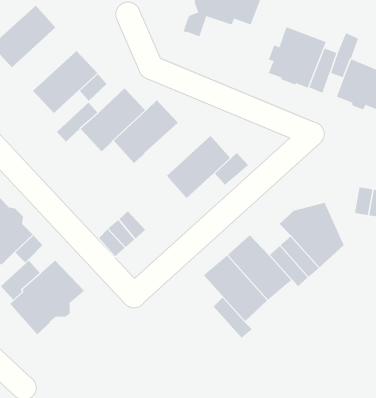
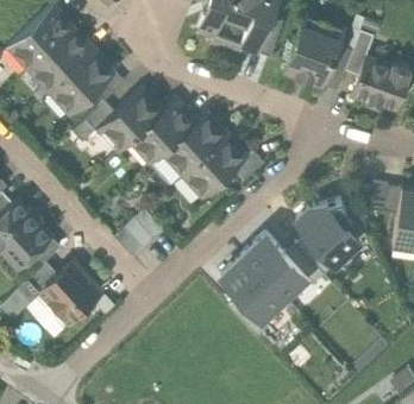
building: none -> [240,21,280,59]
building: none -> [29,30,93,93]
building: none -> [161,113,226,177]

